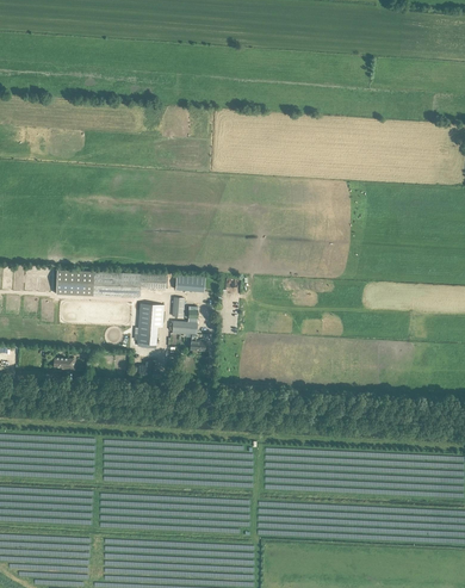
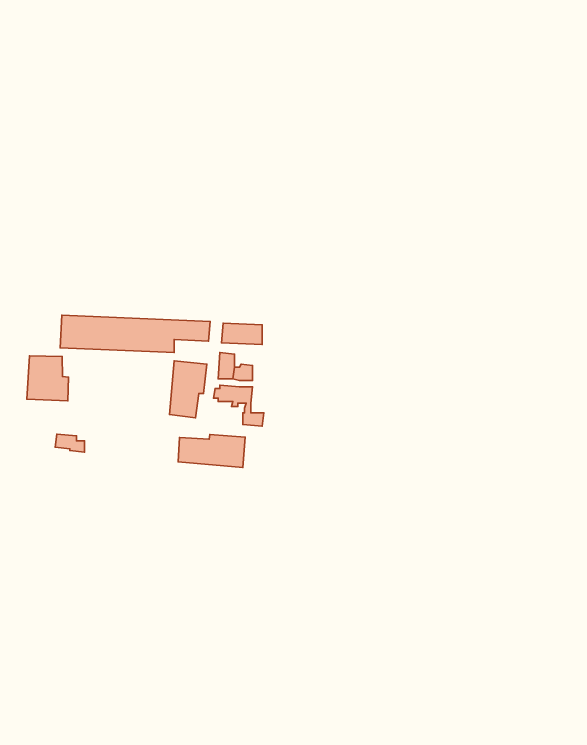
building: none -> [27,356,68,401]
building: none -> [178,435,245,468]

